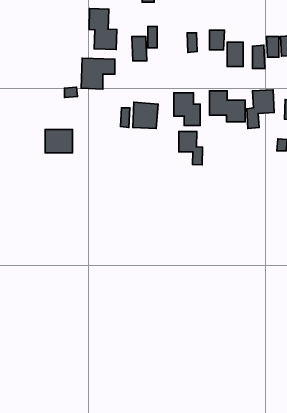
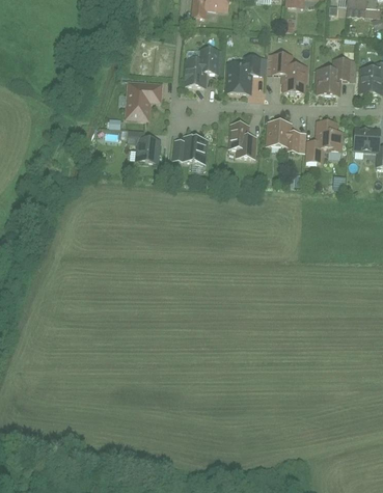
building: [89,8,117,49] -> none
building: none -> [226,63,242,91]
building: [45,129,72,153] -> [130,134,160,160]
building: [179,132,202,165] -> none

